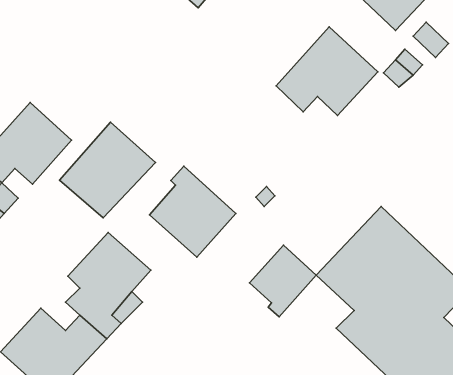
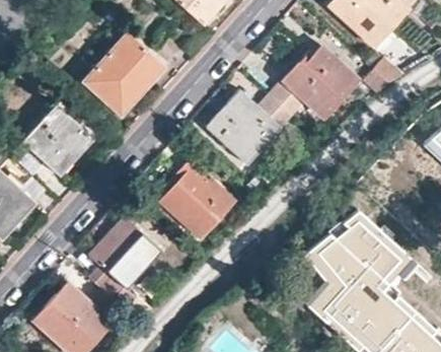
building: none -> [206,91,292,164]
building: [60,122,155,218] -> [83,33,165,116]
building: [250,245,316,317] -> none

